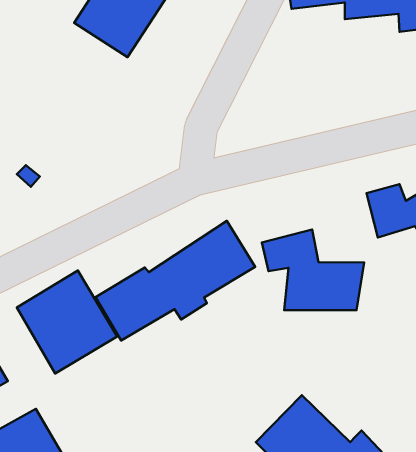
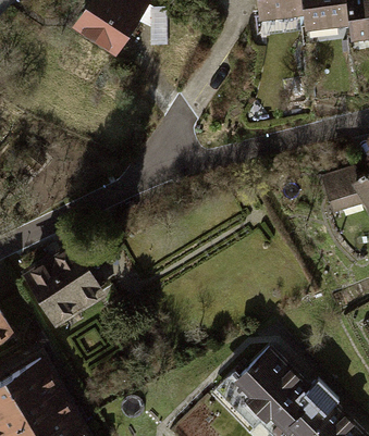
building: [96,221,255,341] -> none
building: [262,229,364,310] -> none

